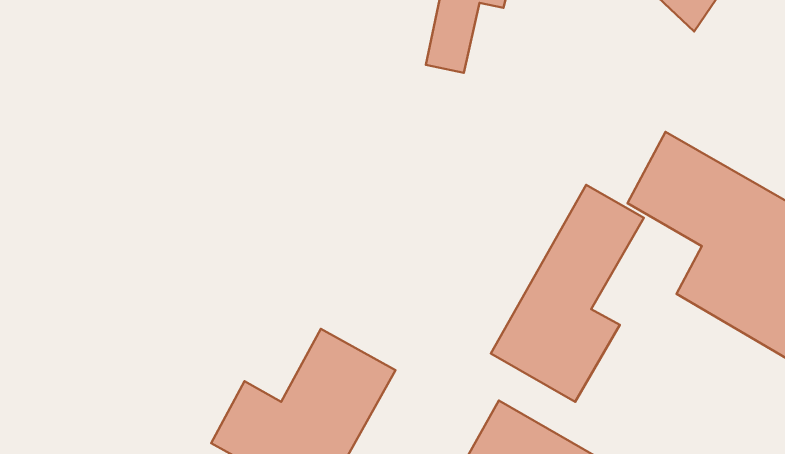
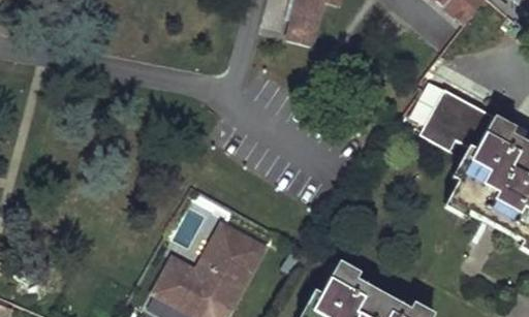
building: [491,185,644,402] -> none

